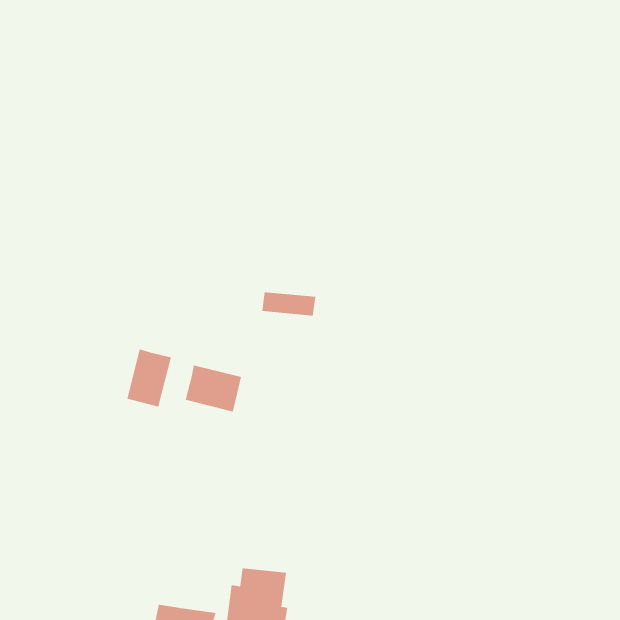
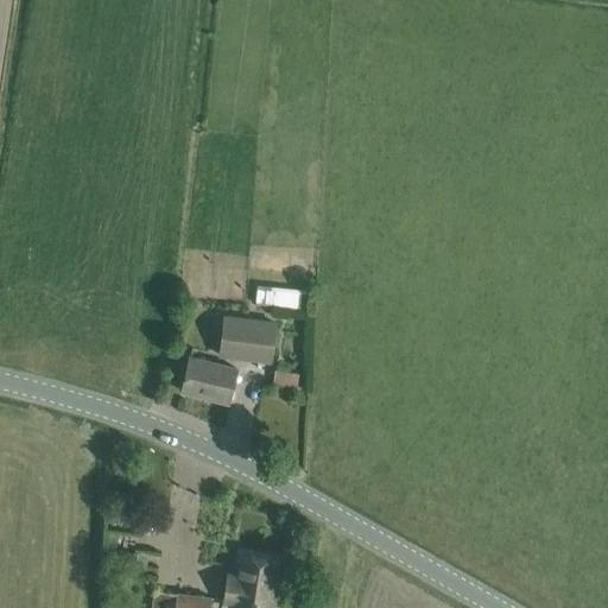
building: none -> [221,316,278,362]
building: [127,348,171,408] -> none

